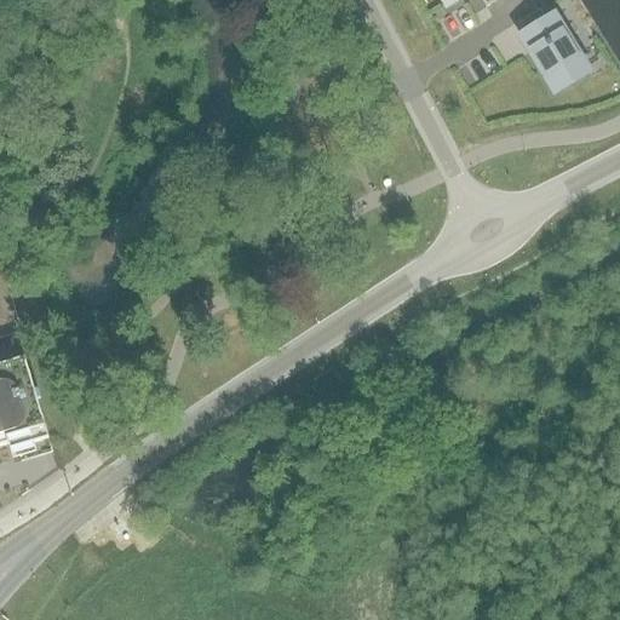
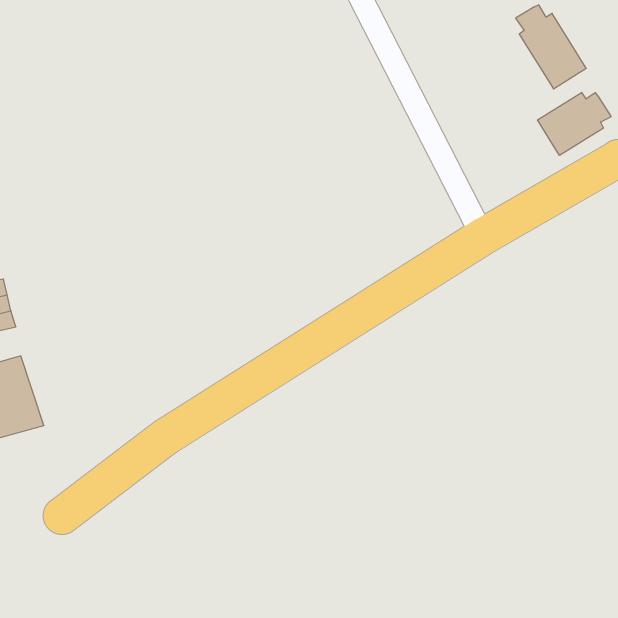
building: none -> [538,92,611,155]

